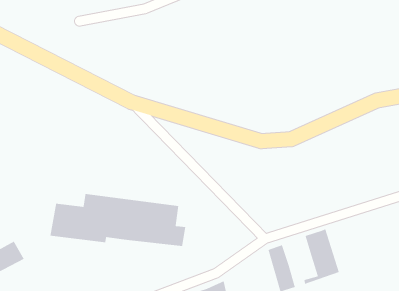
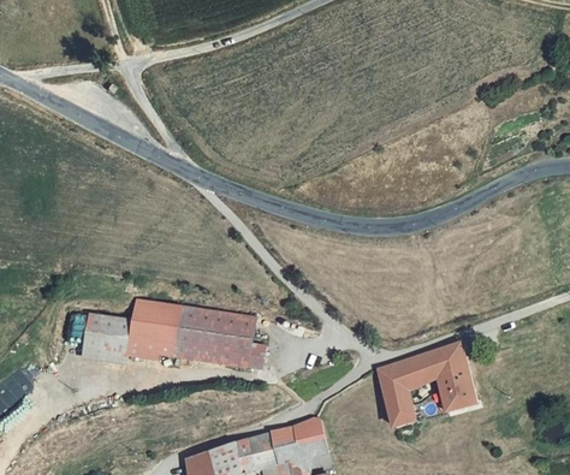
building: none -> [396,354,434,394]

